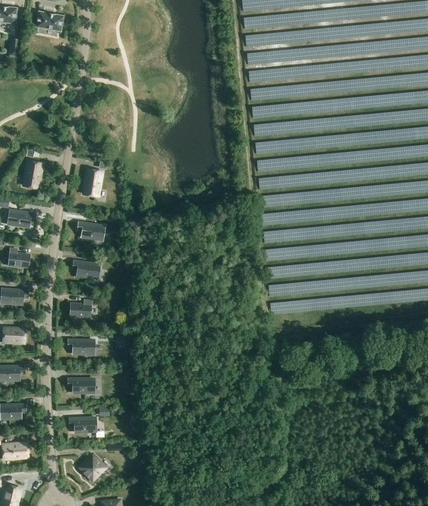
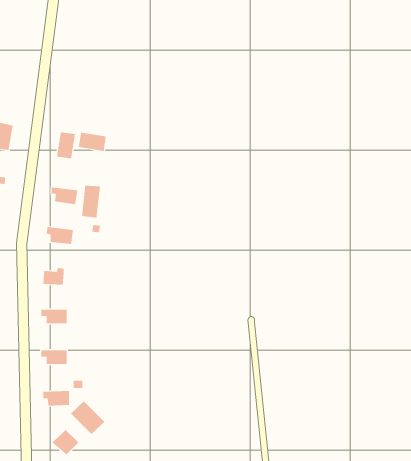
building: none -> [78,132,106,152]
building: none -> [81,185,101,219]
building: none -> [70,401,105,435]

